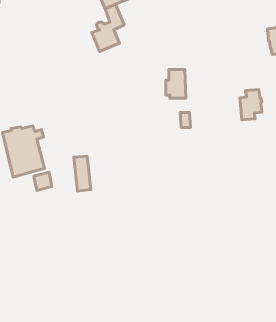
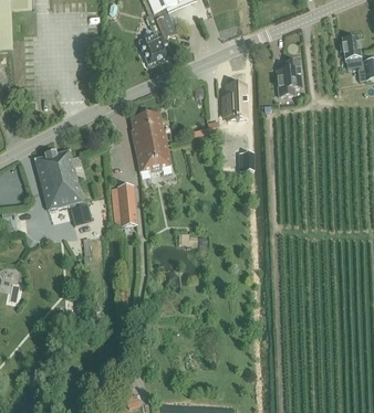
building: [240,89,262,120] -> [276,60,301,95]
building: none -> [129,112,170,171]

